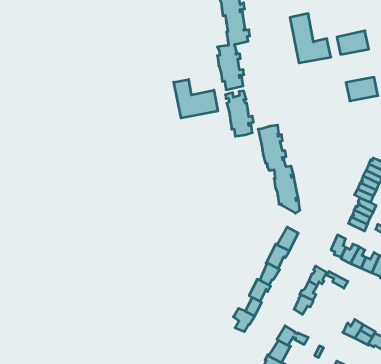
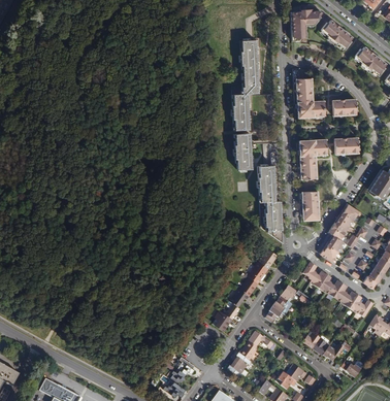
building: [174,79,218,118] -> none
building: none -> [299,139,327,178]
building: none -> [302,190,318,219]

